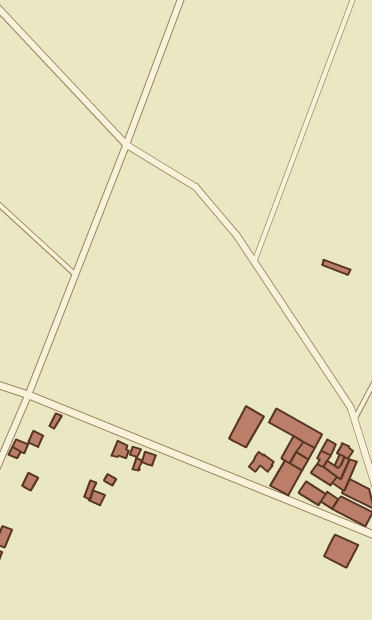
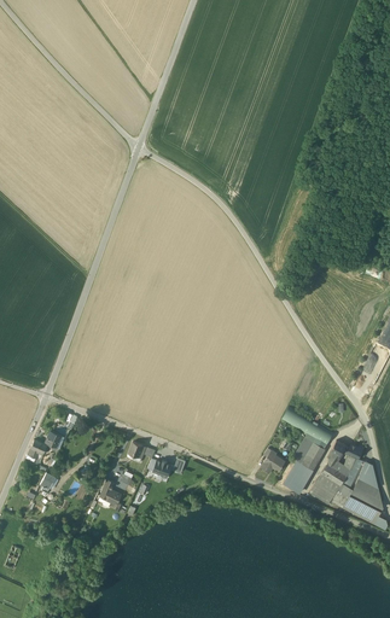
building: [229,406,264,447] -> none
building: [324,535,358,568] -> none

